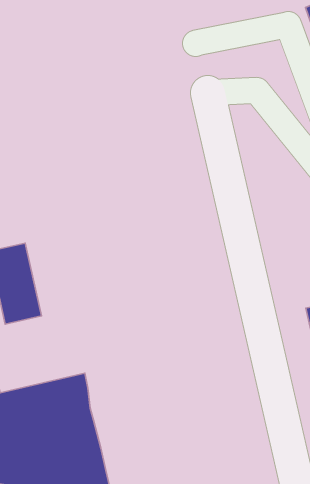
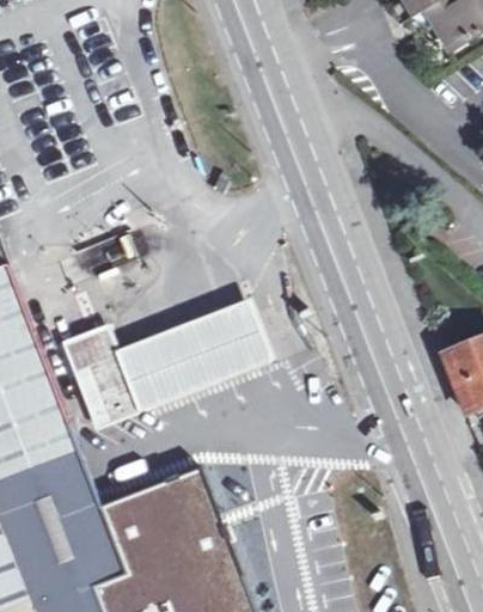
building: none -> [114,301,271,412]

